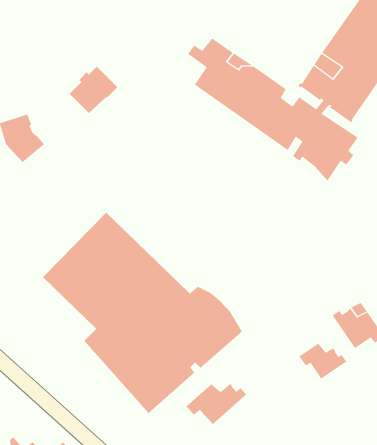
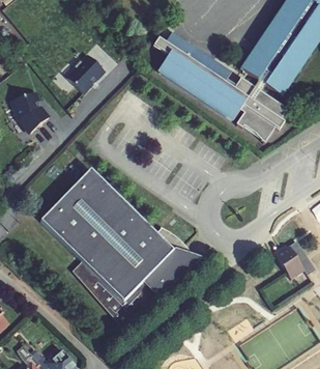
building: [299,343,347,379] -> none
building: [185,383,247,425] -> none

